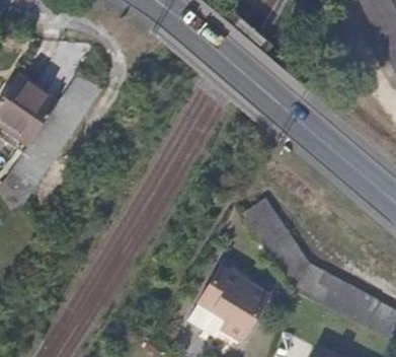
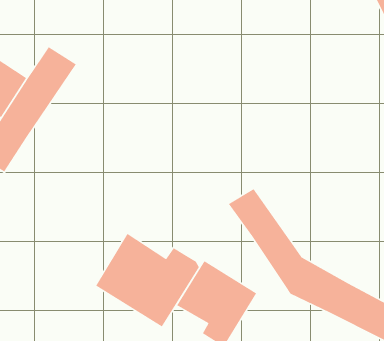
building: none -> [95,233,200,327]

